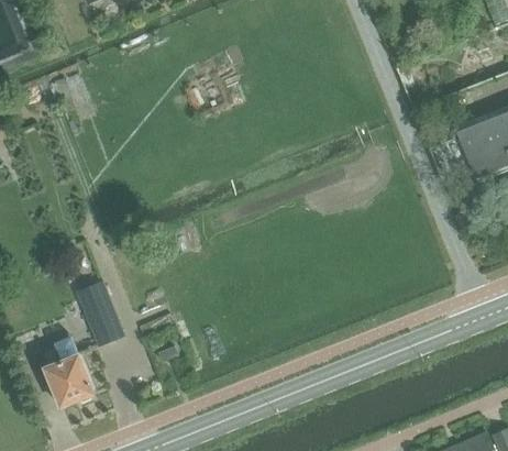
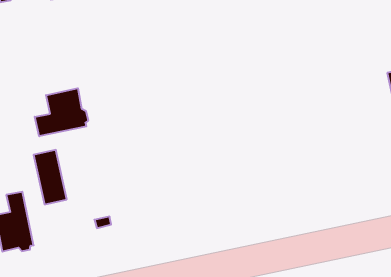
building: none -> [35,88,88,136]

